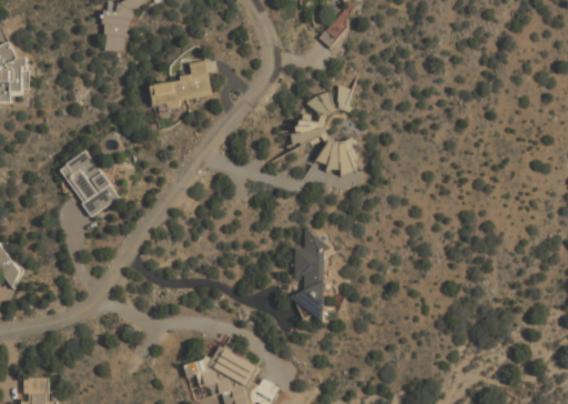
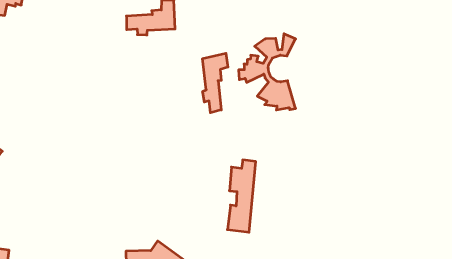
building: none -> [203,53,228,113]
building: [58,150,119,218] -> none

